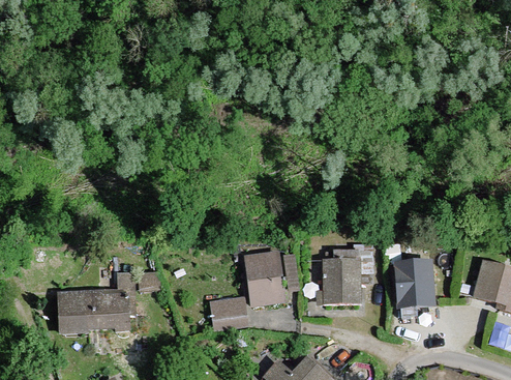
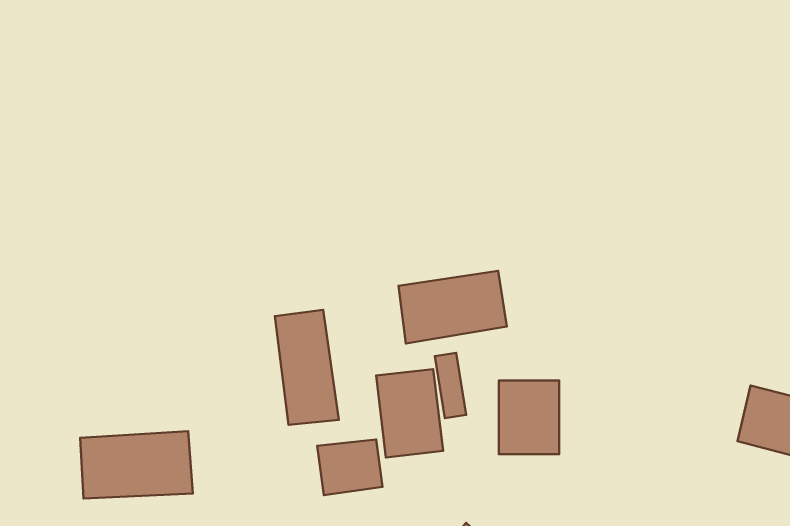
building: none -> [398,271,507,343]
building: none -> [275,310,339,425]
building: [394,260,438,310] -> none

